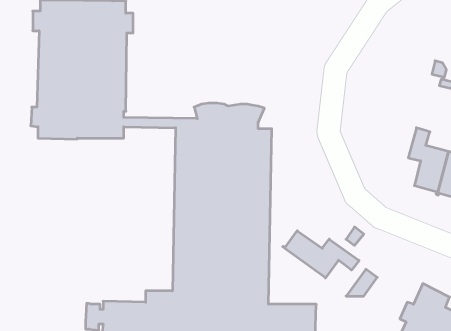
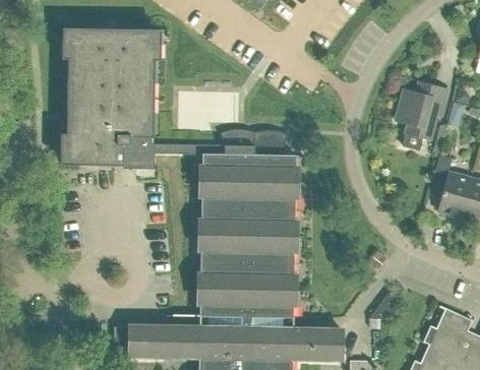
building: none -> [396,81,448,149]
building: [283,231,359,278] -> none

